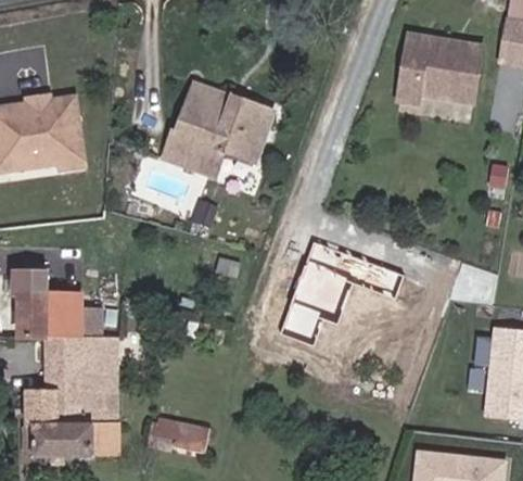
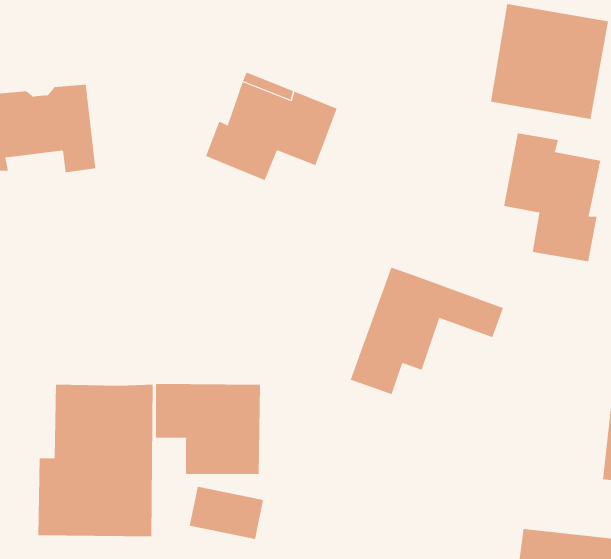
building: none -> [503,132,601,262]
building: [10,265,97,336] -> none
building: none -> [155,383,261,475]

